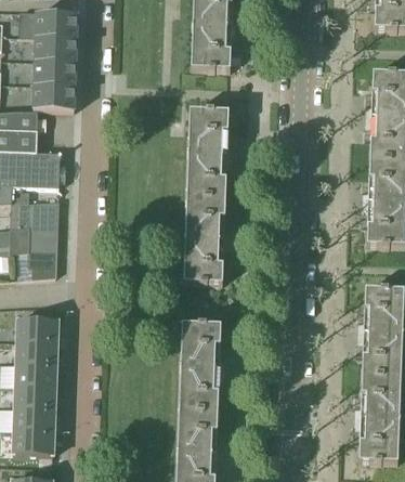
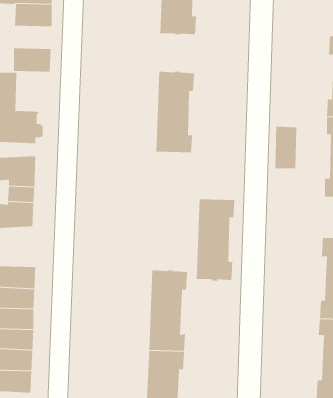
building: [34,61,76,86] -> none
building: none -> [275,126,297,169]
building: [183,196,225,285] -> [196,199,235,282]

